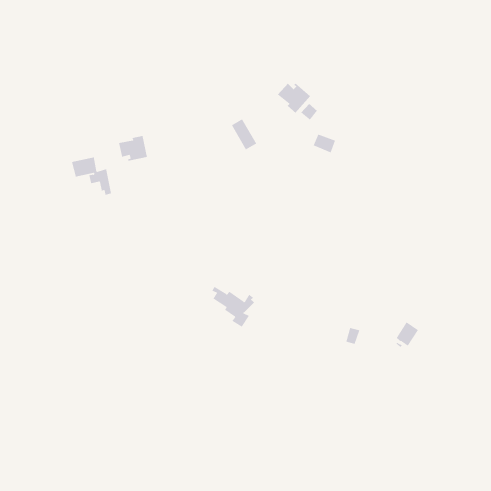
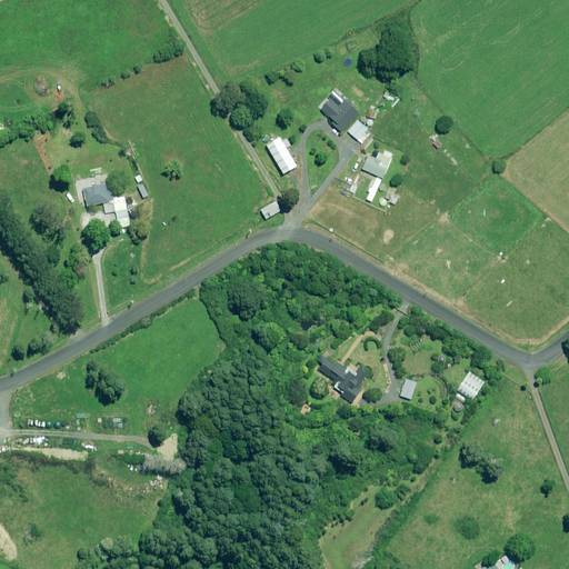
building: [118,135,148,161] -> none
building: [211,286,255,328] -> [317,355,367,402]

